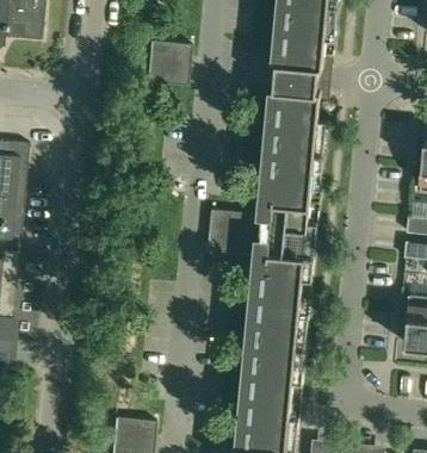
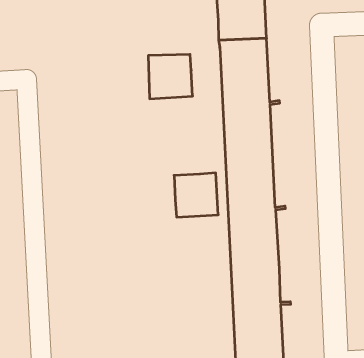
building: [143,42,188,87] -> [148,54,193,99]

